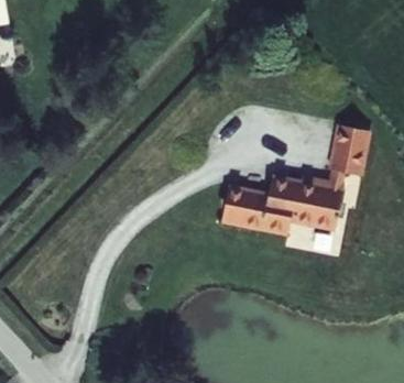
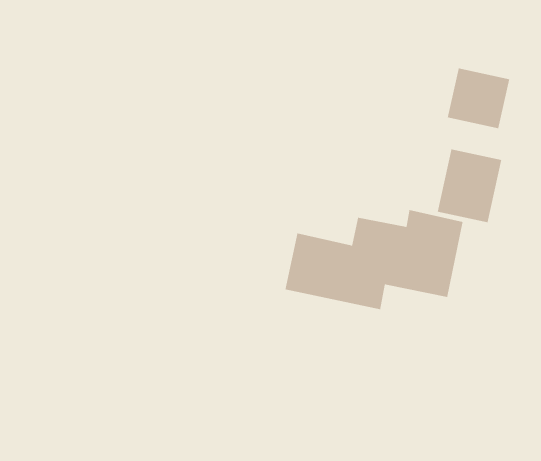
building: none -> [447,68,510,129]

